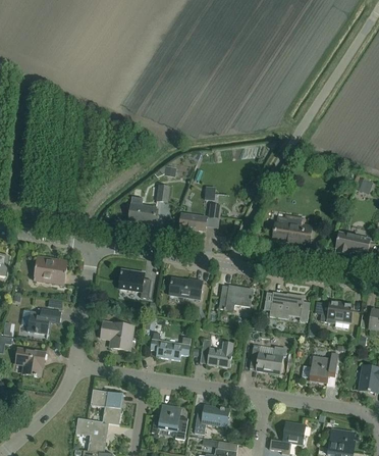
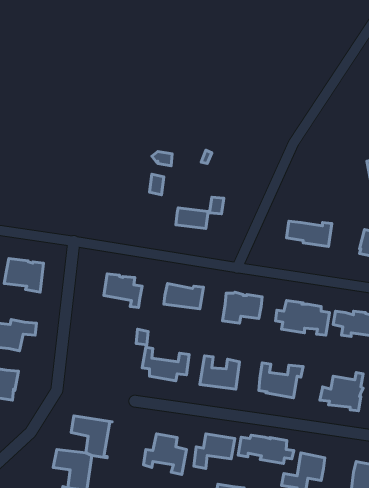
building: [128,196,156,221] -> none
building: [101,320,133,349] -> none
building: none -> [238,435,294,463]

